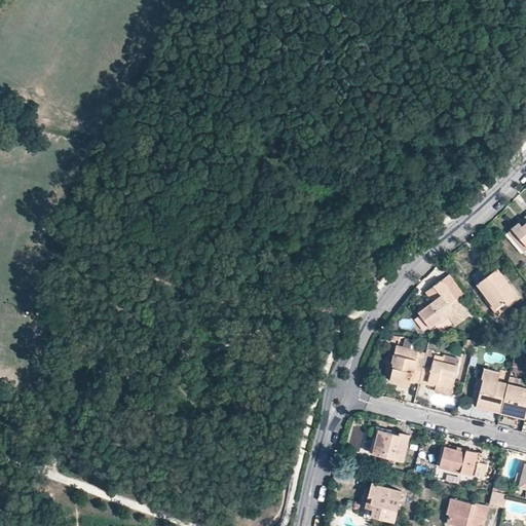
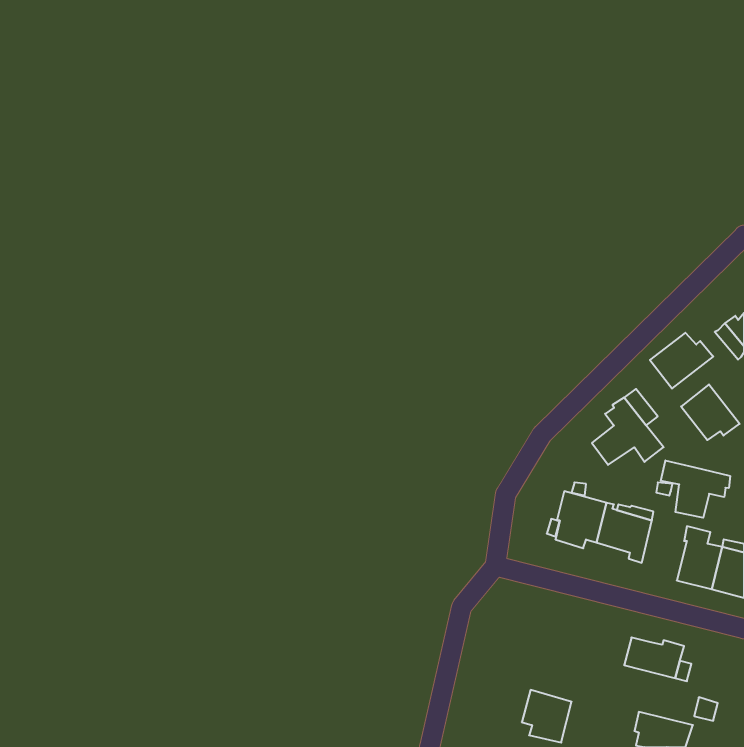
building: none -> [650,333,713,389]
building: none -> [661,460,730,518]
building: [374,433,410,462] -> none

